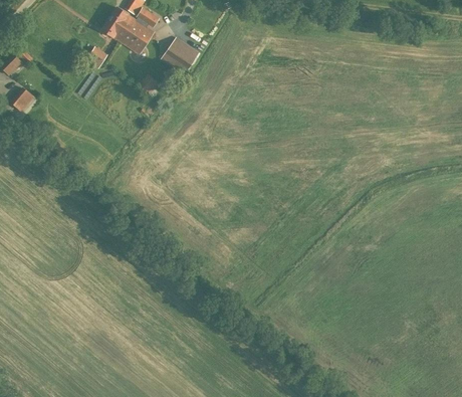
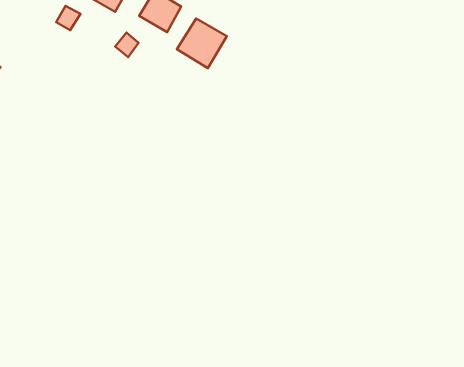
building: none -> [177,18,227,68]

